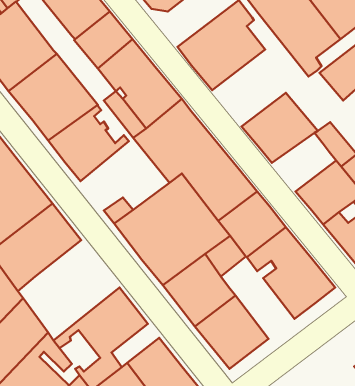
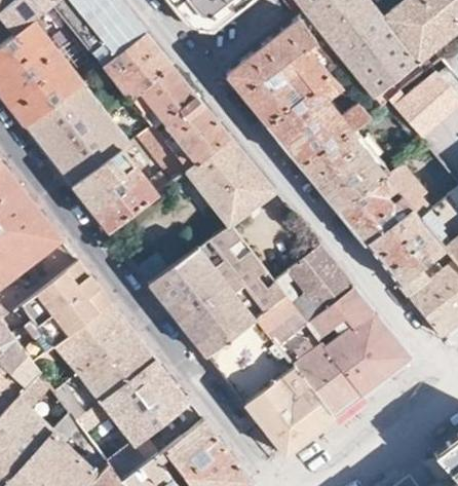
building: none -> [266,76,367,169]
building: none -> [337,176,413,246]
building: none -> [56,303,156,403]
building: none -> [285,343,364,420]

